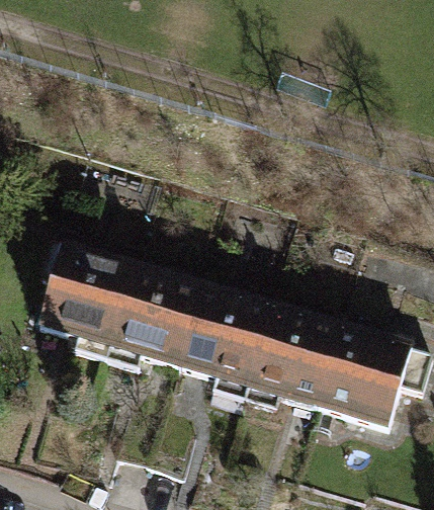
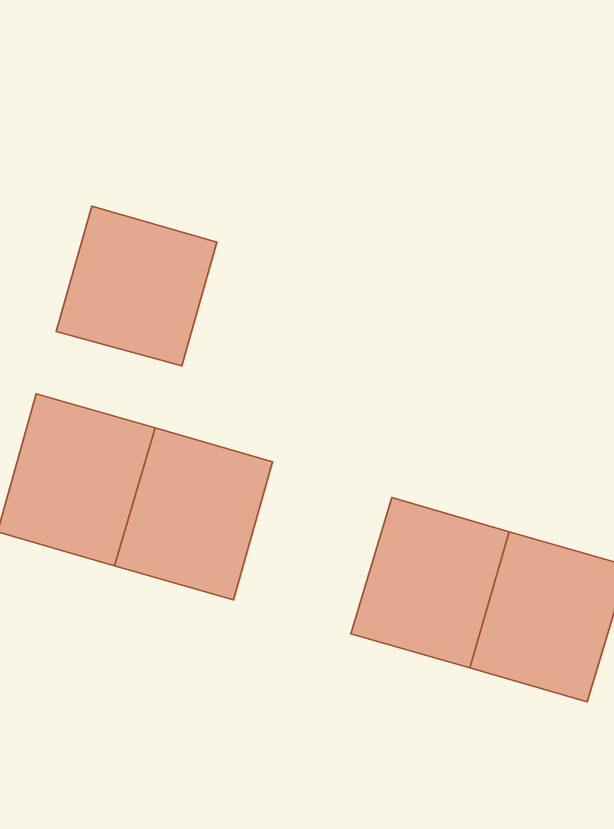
building: none -> [56,206,217,366]
building: [177,284,271,387] -> none

